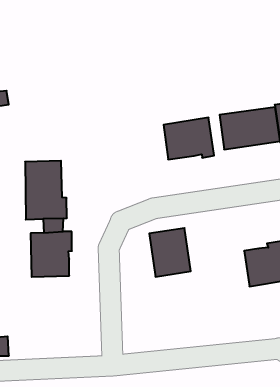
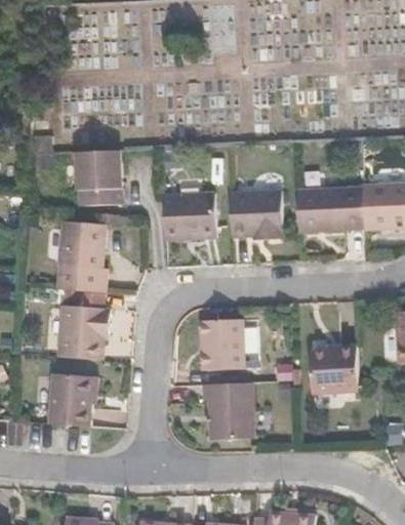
building: none -> [76,150,123,208]
building: none -> [163,193,216,240]
building: none -> [203,382,252,440]
building: none -> [49,373,93,427]

